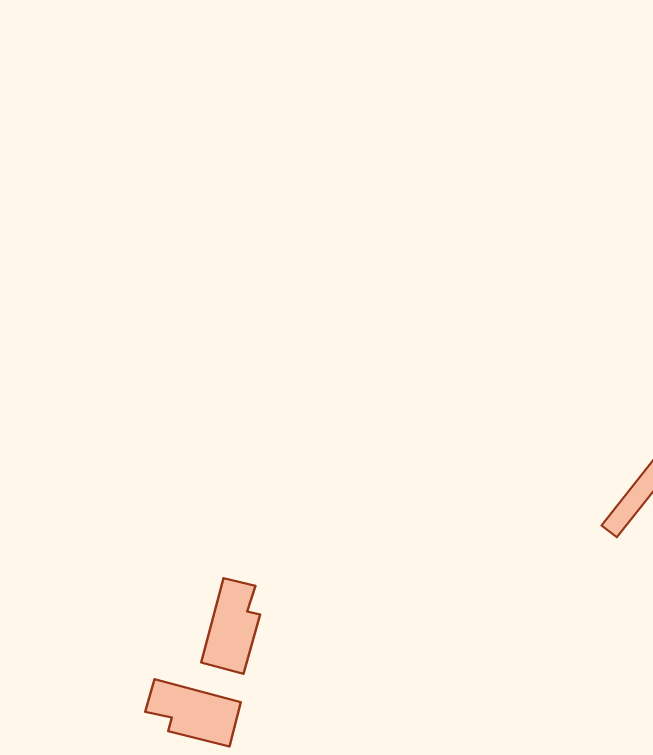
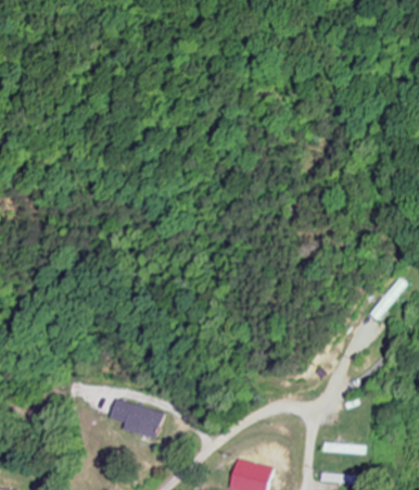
building: [201,578,260,674] -> none

